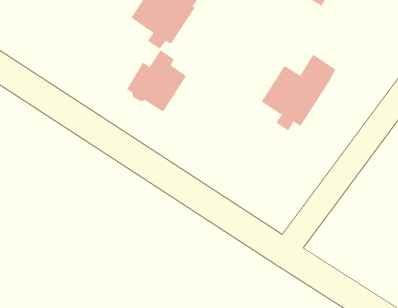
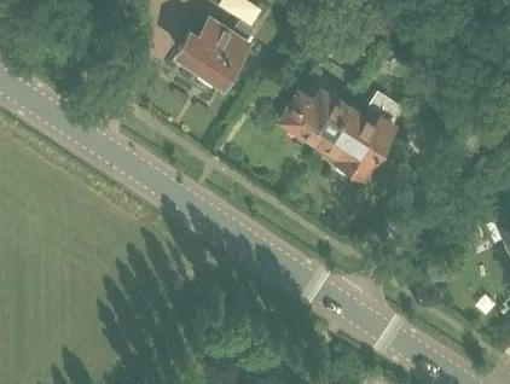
building: [126,50,187,113] -> [279,78,346,147]

